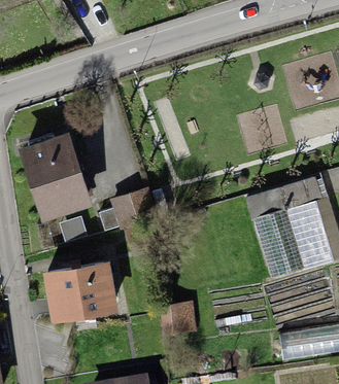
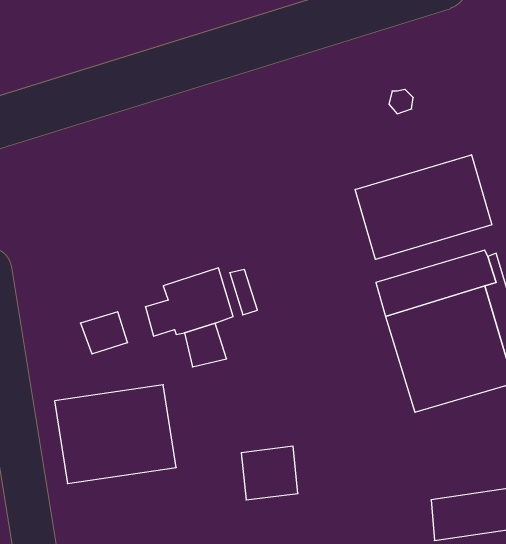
building: none -> [355,155,492,259]
building: [18,133,93,222] -> none

